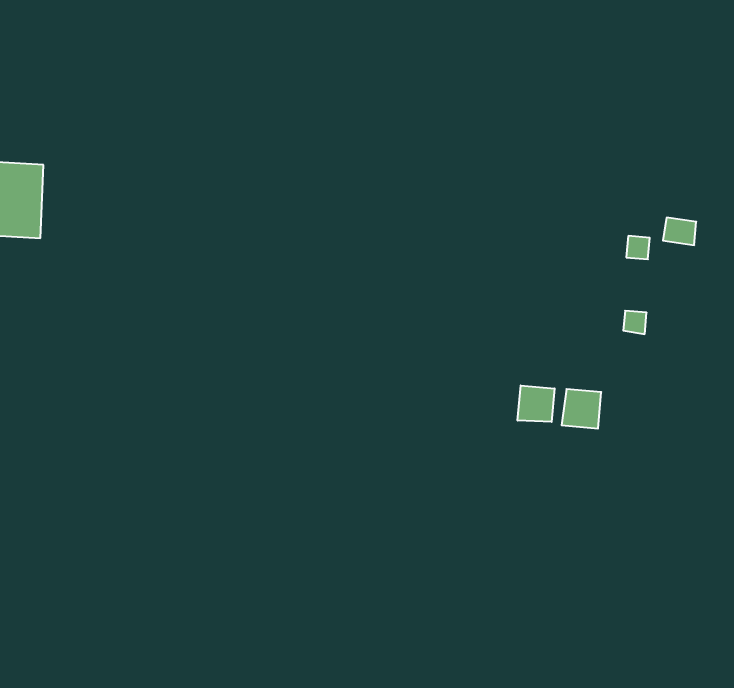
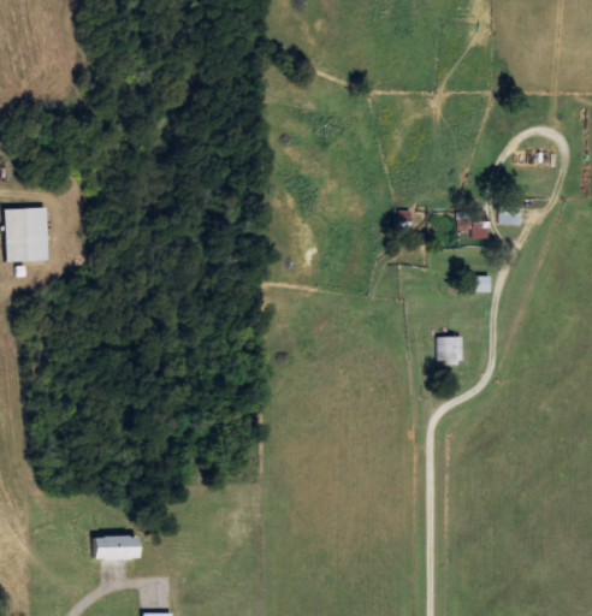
building: [518,385,555,422] -> none
building: none -> [94,535,140,559]

